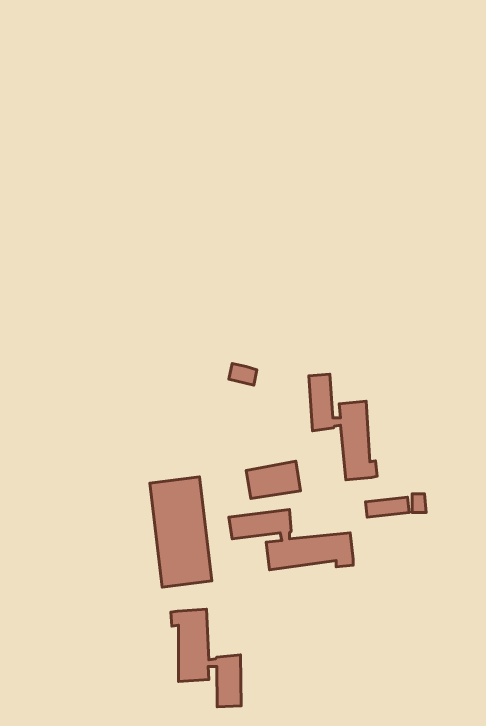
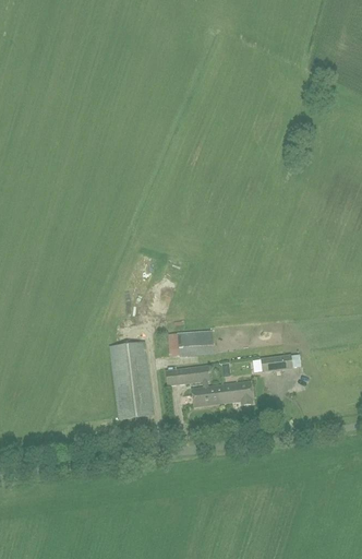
building: [309,374,377,480] -> none
building: [171,609,241,707] -> none

